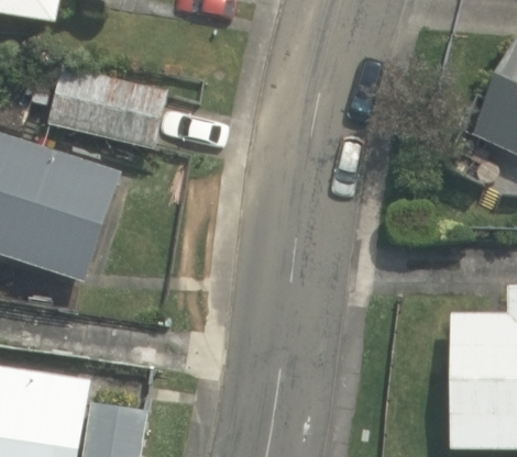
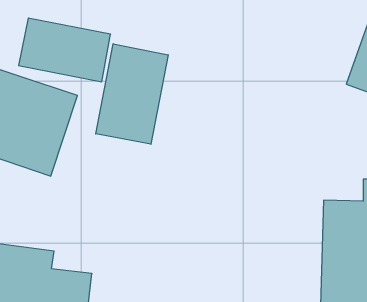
building: none -> [96,44,168,144]

